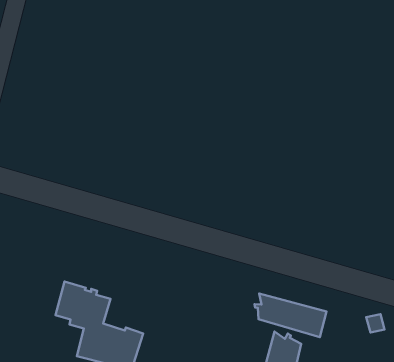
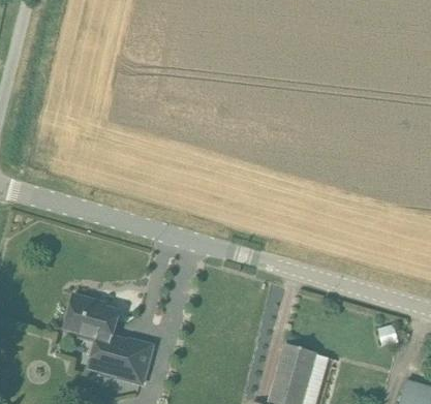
building: [255,293,327,337] -> none

